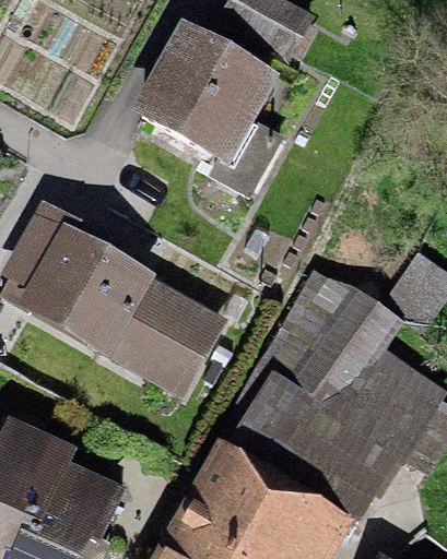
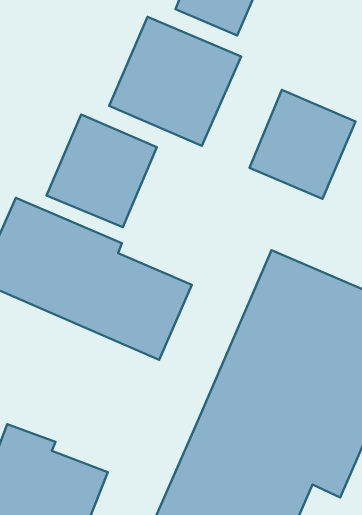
building: none -> [249,90,356,199]
building: none -> [46,115,157,227]

